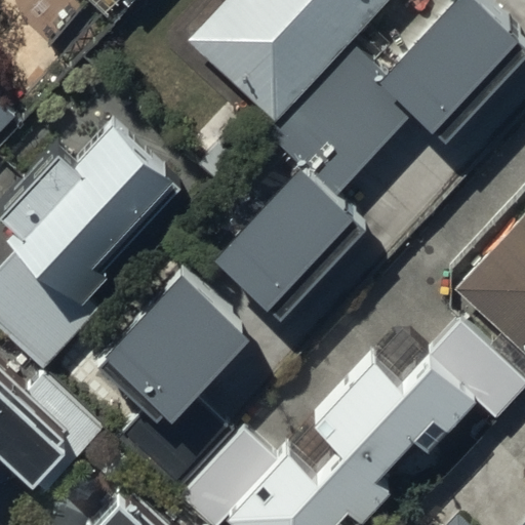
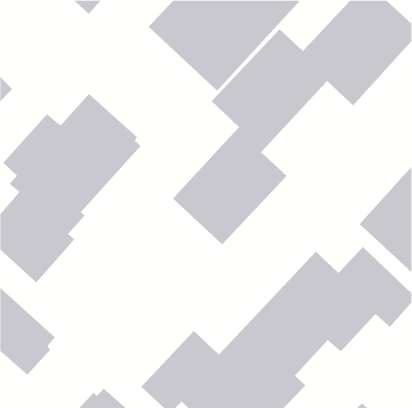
building: [97,269,255,485] -> none

